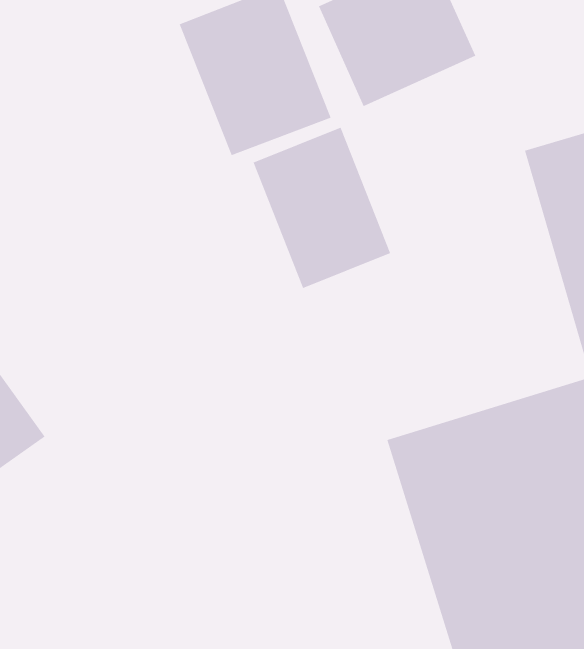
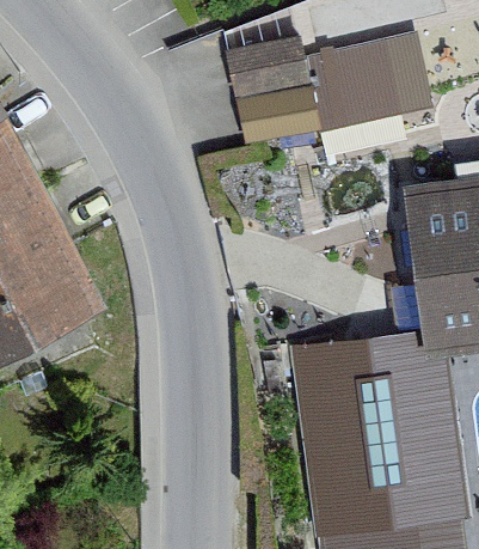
building: [253,127,391,289] -> none

